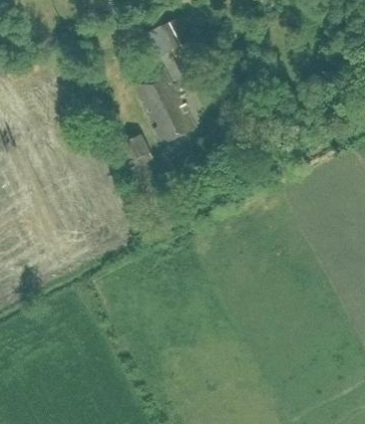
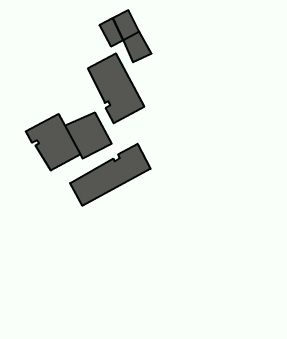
building: none -> [26,114,81,171]
building: none -> [70,144,151,206]

